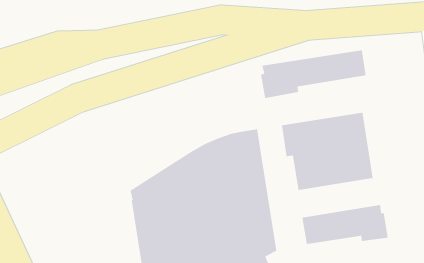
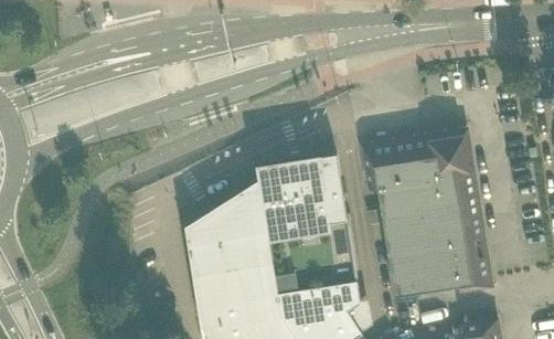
building: [260,49,366,99] -> none
building: none -> [384,214,483,262]

